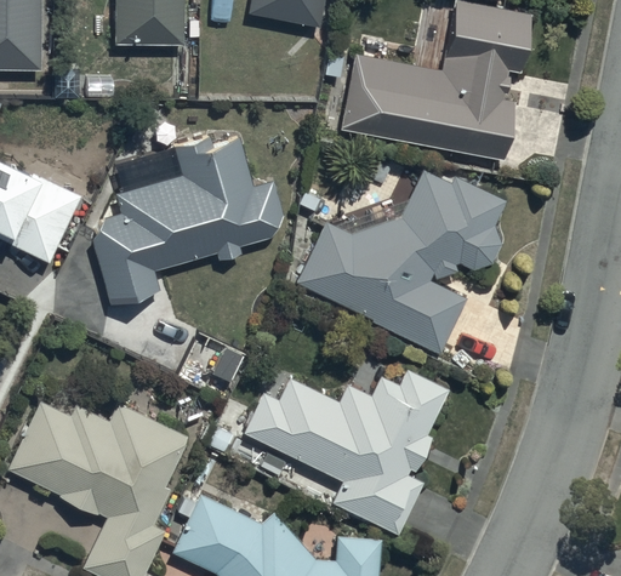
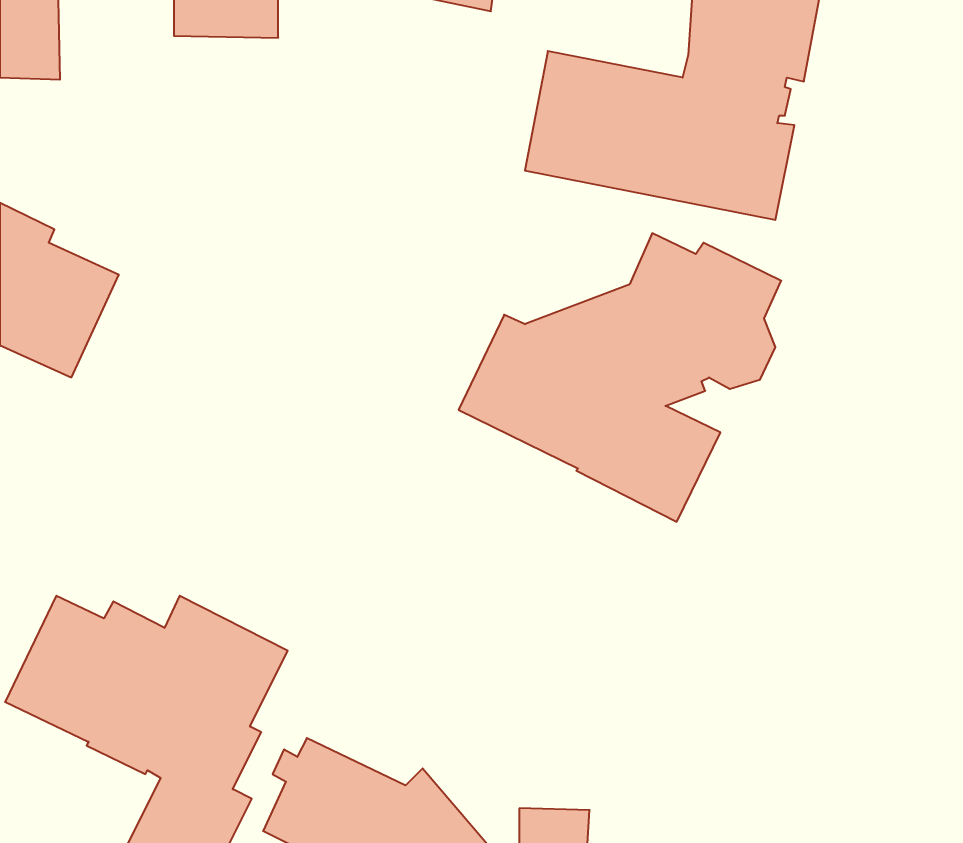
building: [90,138,286,309] -> none
building: [243,358,448,534] -> none

